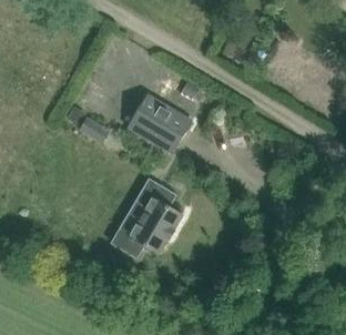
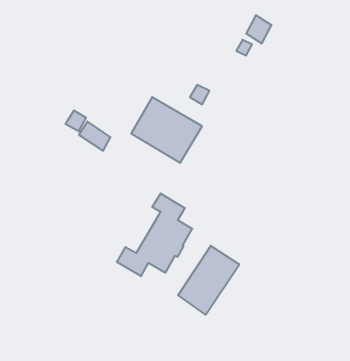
building: none -> [178,246,239,315]

